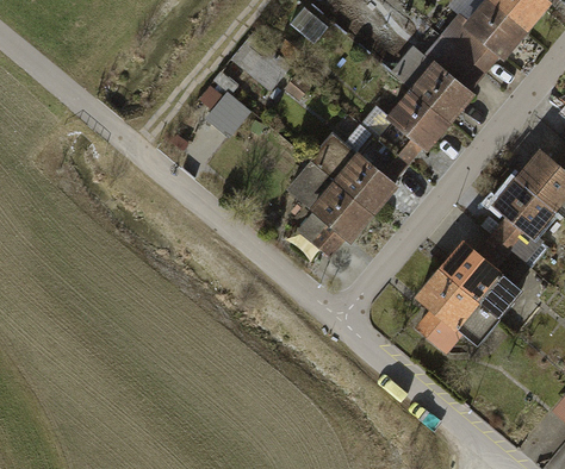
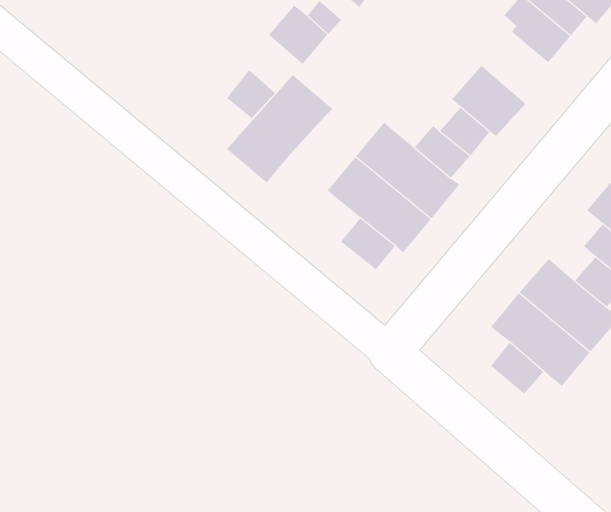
building: [411,63,470,120] -> none
building: none -> [226,74,333,184]

